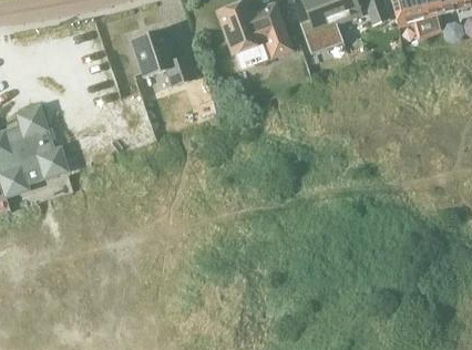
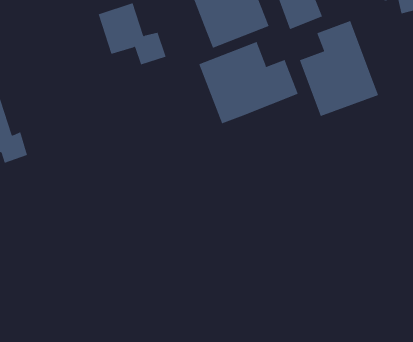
building: none -> [299,20,379,117]
building: none -> [199,41,298,124]

